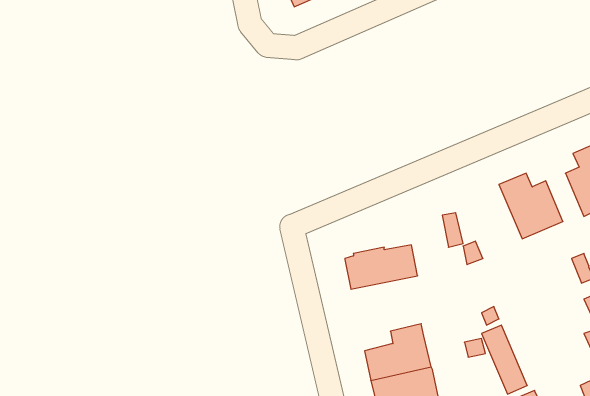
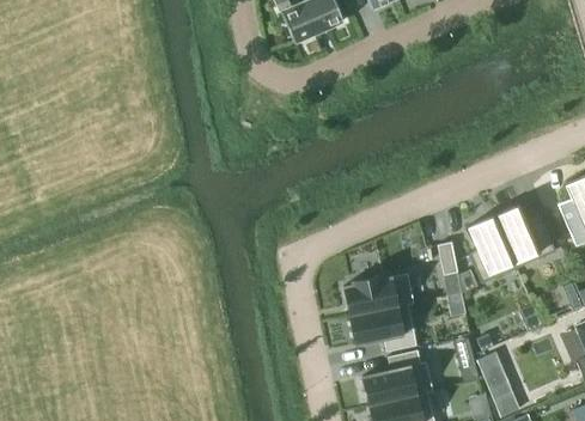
building: none -> [468,214,516,282]
building: none -> [349,303,416,352]

